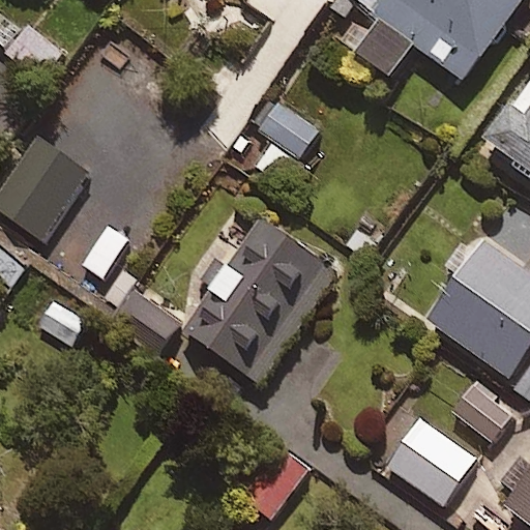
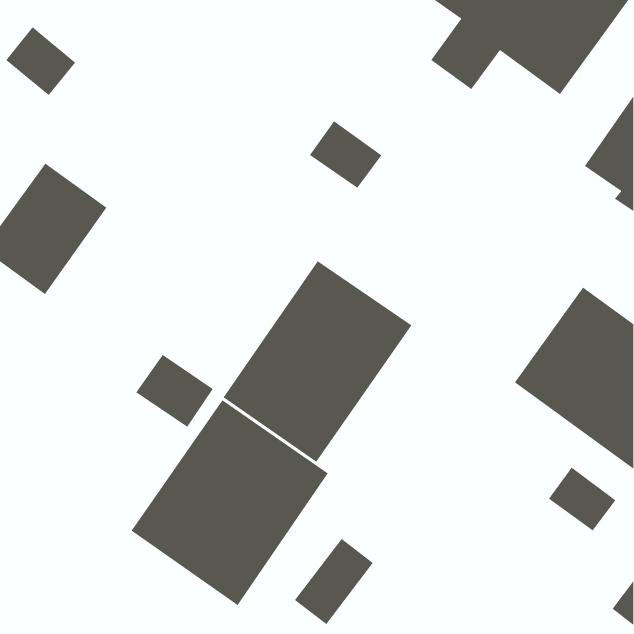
building: none -> [131,399,329,606]
building: [385,417,474,505] -> none

